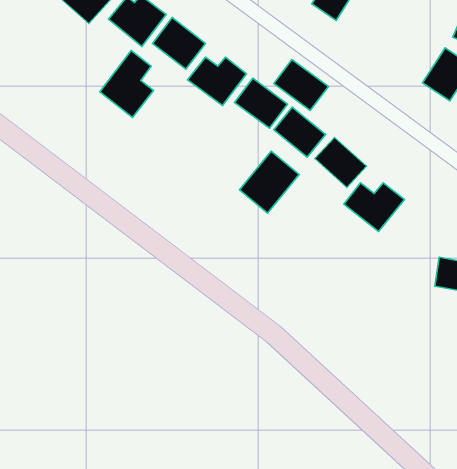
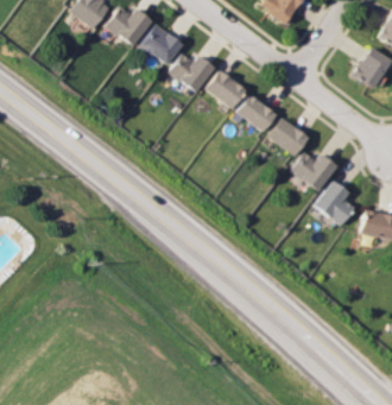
building: [100,51,154,117] -> none
building: [274,60,328,110] -> none
building: [240,151,299,213] -> none
building: none -> [316,182,354,226]

